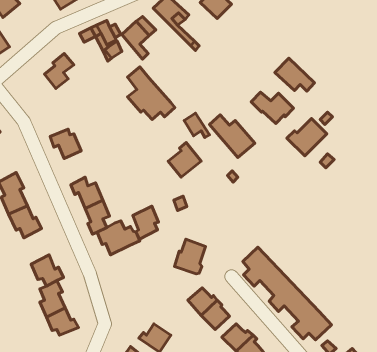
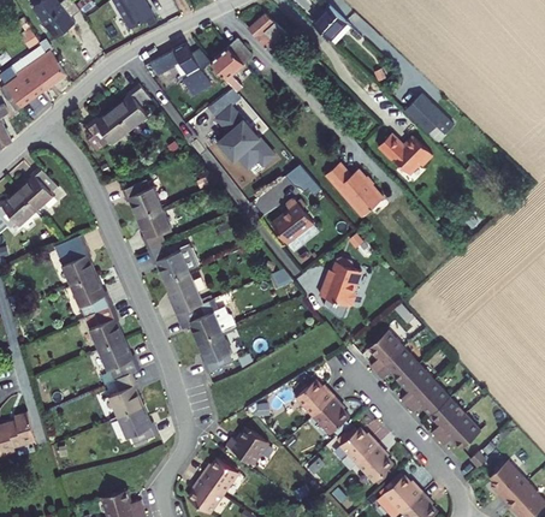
building: none -> [85,112,126,145]
building: [287,118,327,156] -> none
building: none -> [137,209,167,252]
building: [133,206,158,239] -> [196,329,229,372]
building: none -> [75,308,118,353]
building: [174,239,206,274] -> [319,263,359,308]

